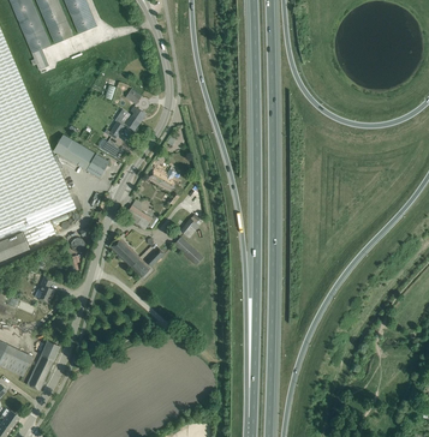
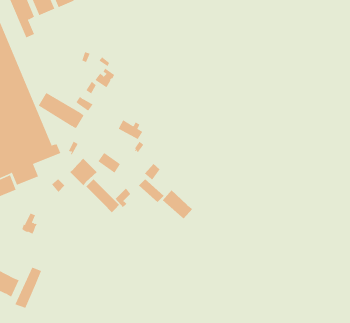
building: none -> [69,158,97,186]
building: none -> [162,190,193,220]

